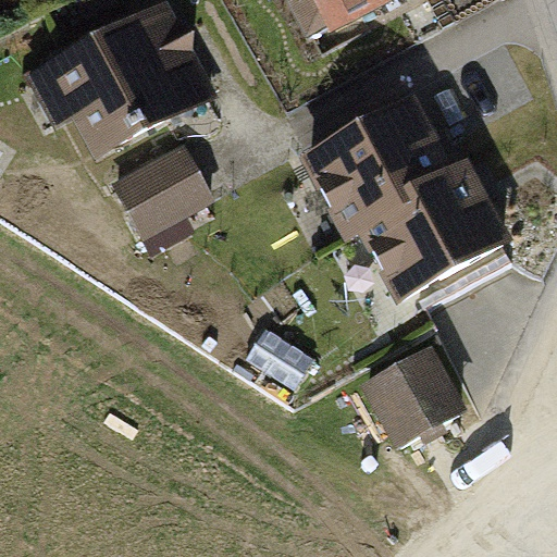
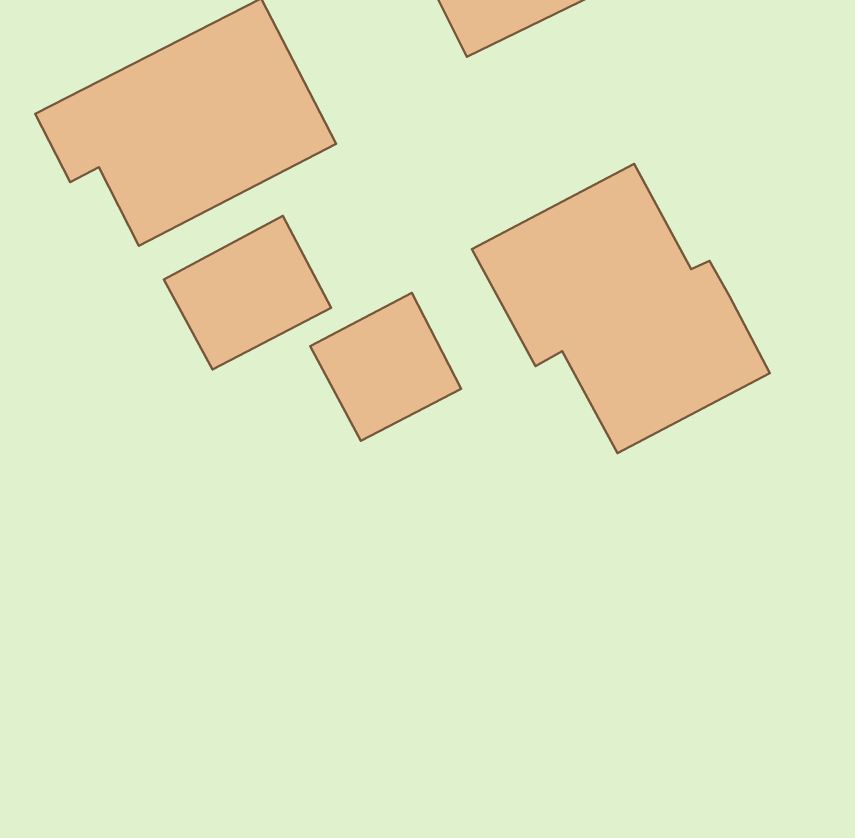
building: none -> [310,293,461,441]
building: [370,347,466,440] -> none

